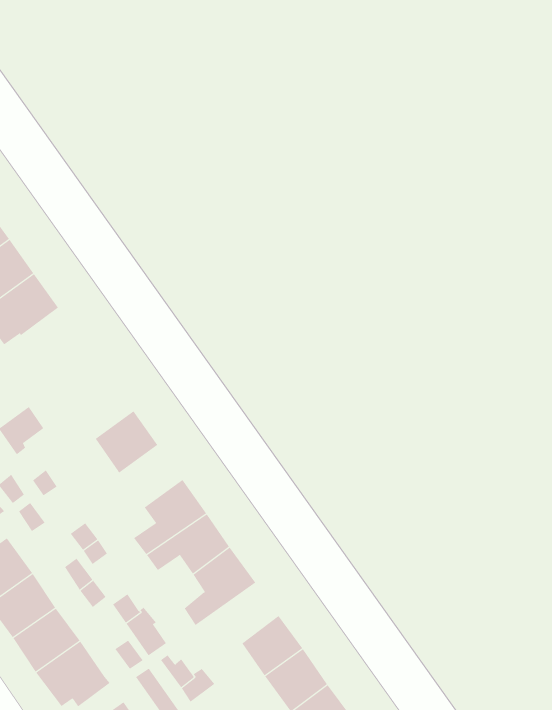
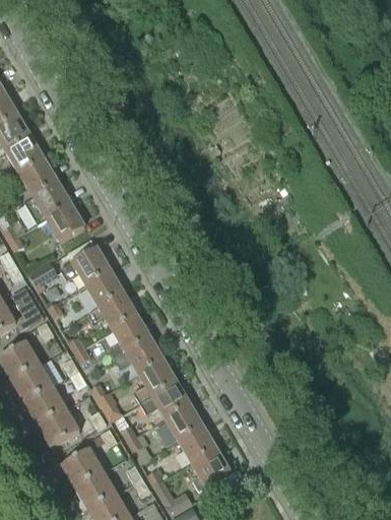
building: none -> [48,204,86,242]
building: none -> [60,241,113,286]
building: none -> [87,294,139,331]
building: none -> [139,383,191,419]

